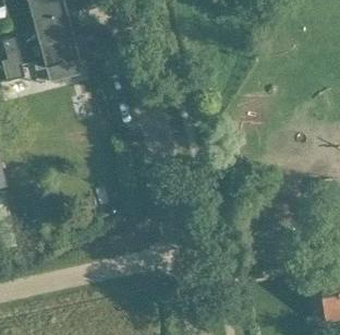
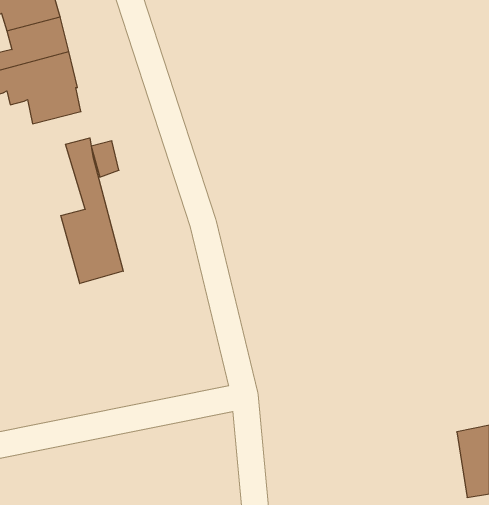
building: none -> [61,138,123,284]

